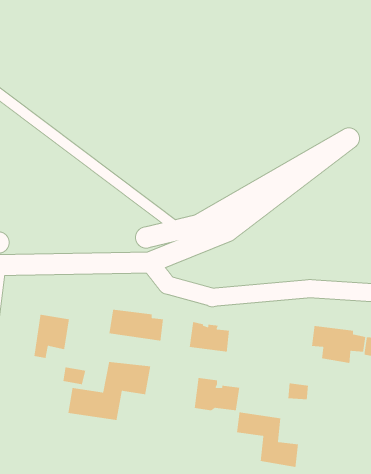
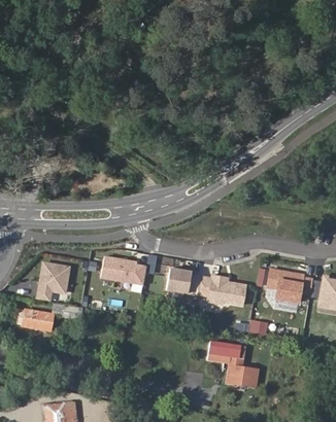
building: [67,361,151,421] -> none
building: none -> [20,311,54,332]
building: [194,377,240,411] -> [208,275,246,303]

